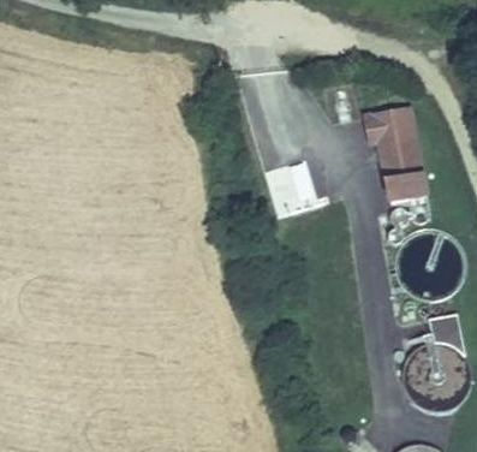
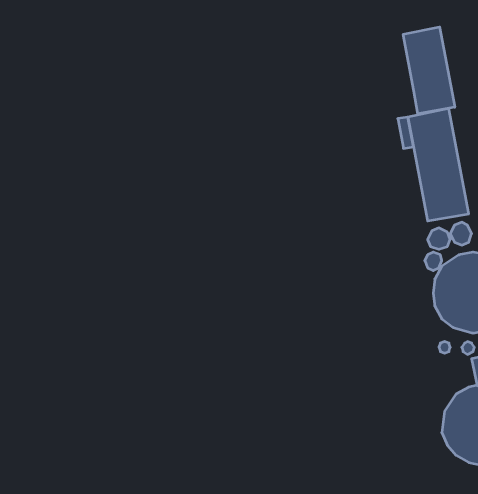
building: none -> [403,27,455,114]

